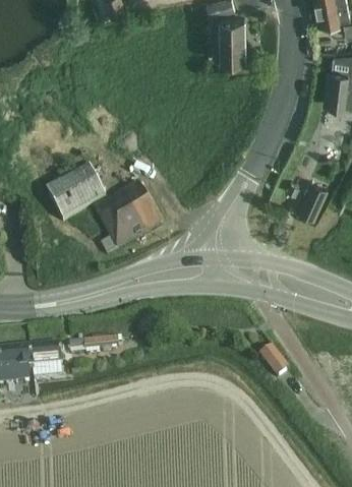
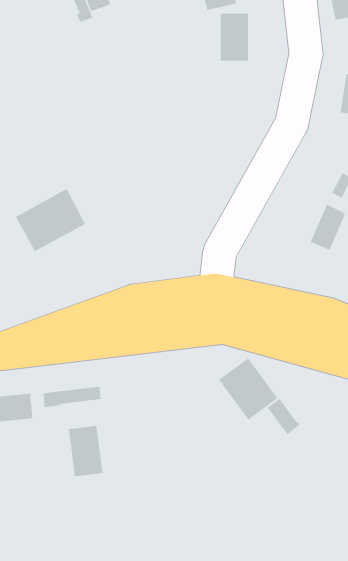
building: [93,179,161,252] -> none
building: none -> [218,357,278,420]
building: none -> [68,425,103,477]

